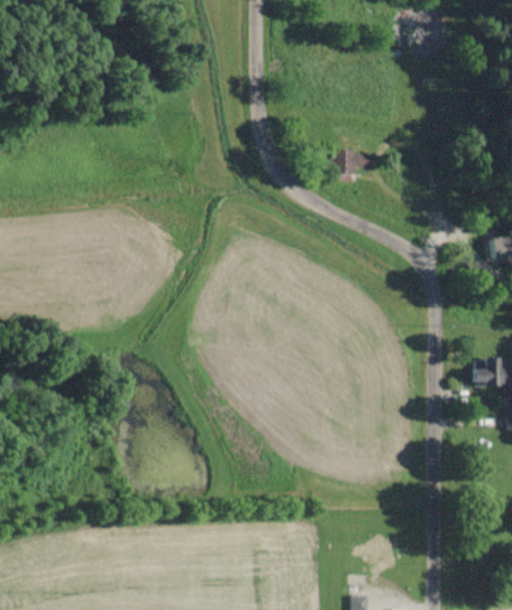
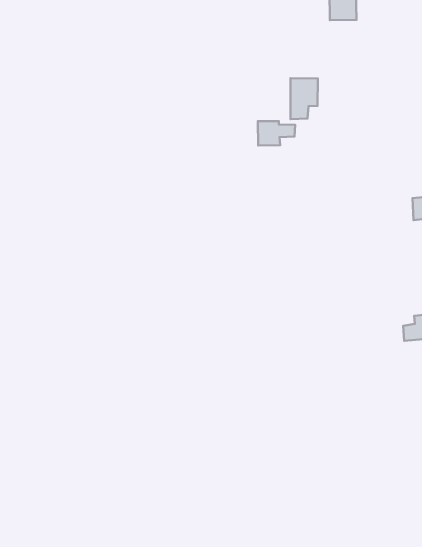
building: none -> [291,78,318,119]

